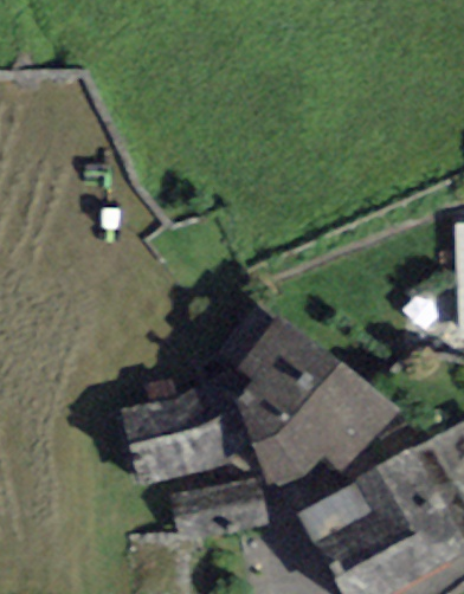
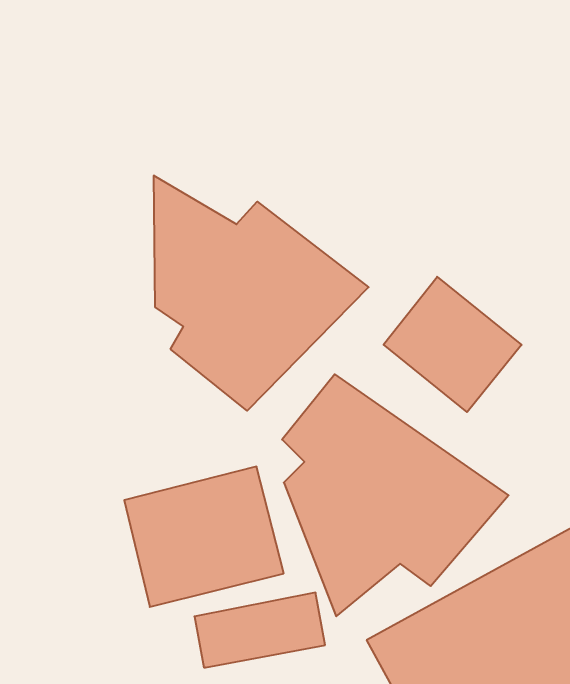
building: none -> [154,175,369,411]
building: none -> [384,277,522,412]

